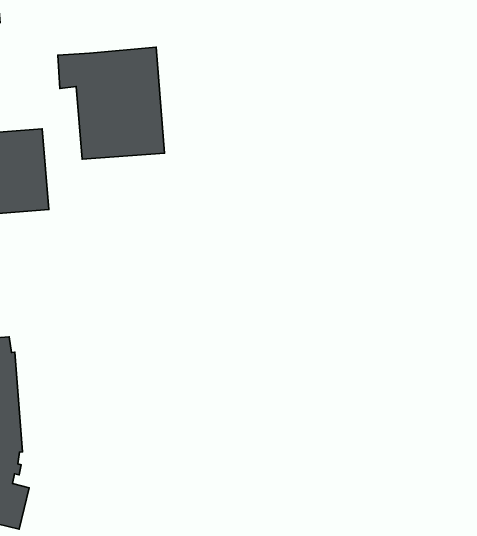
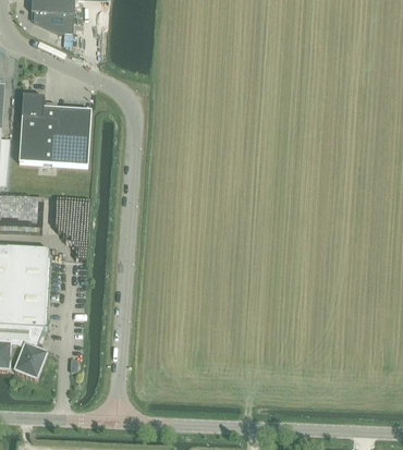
building: [58,47,164,159] -> none

